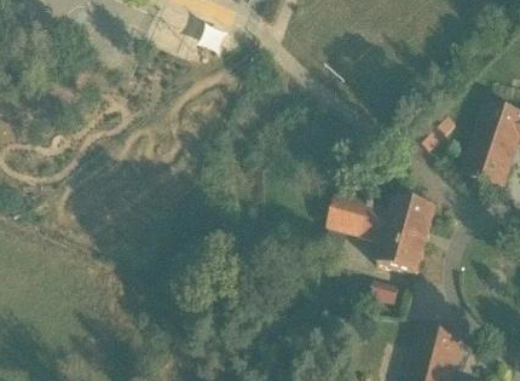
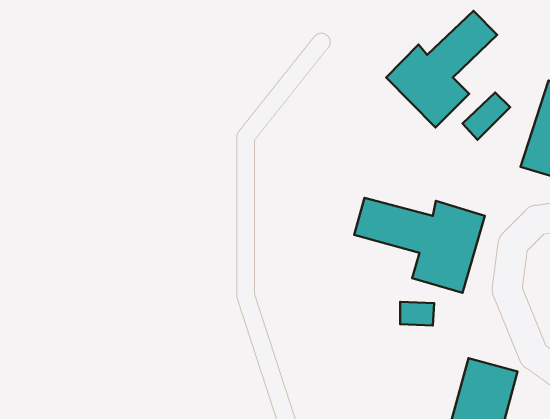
building: none -> [386,11,497,127]

